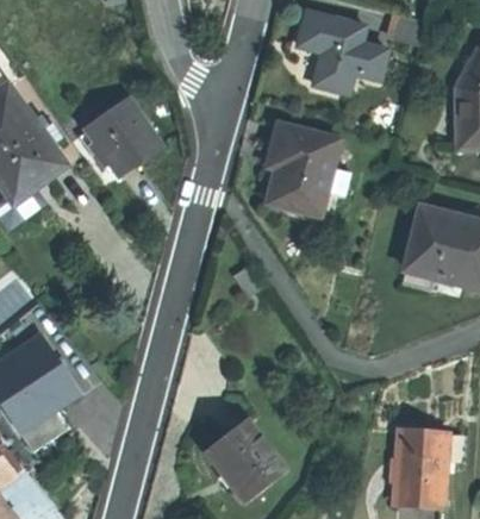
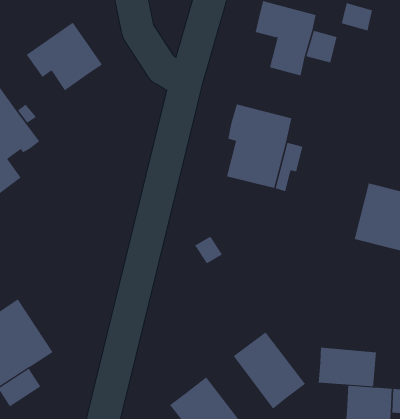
building: [75,99,158,174] -> [26,22,103,91]
building: none -> [233,332,306,409]
building: none -> [318,347,377,387]

